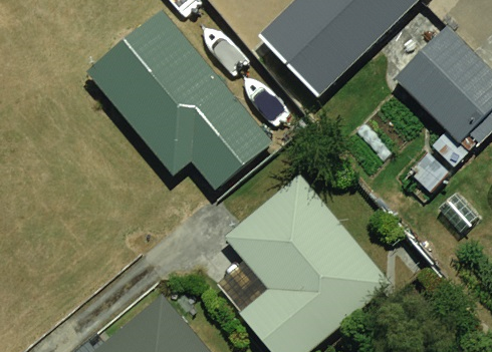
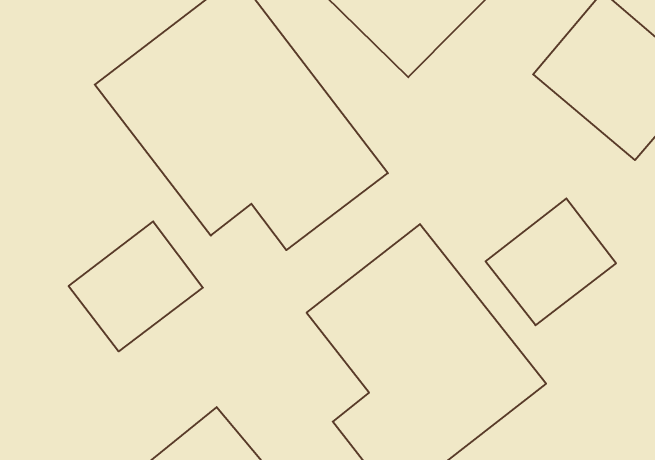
building: none -> [486,198,616,325]
building: none -> [69,221,203,351]

